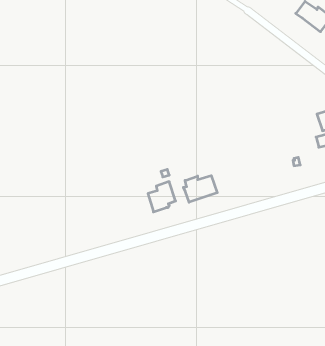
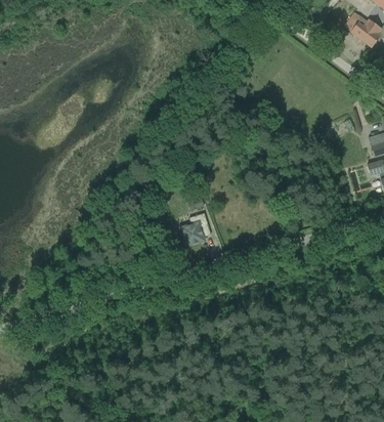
building: [183,176,217,202] -> none

